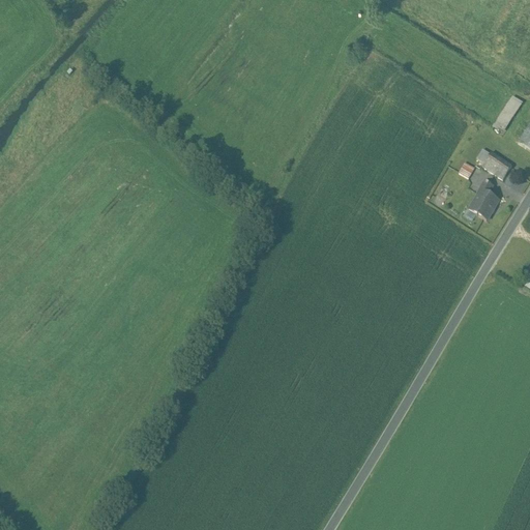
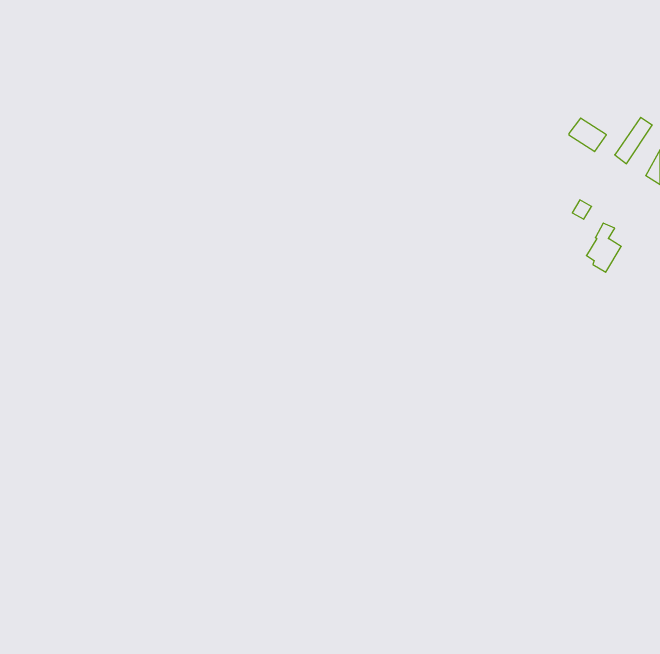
building: [481,150,511,177] -> [569,118,606,152]

